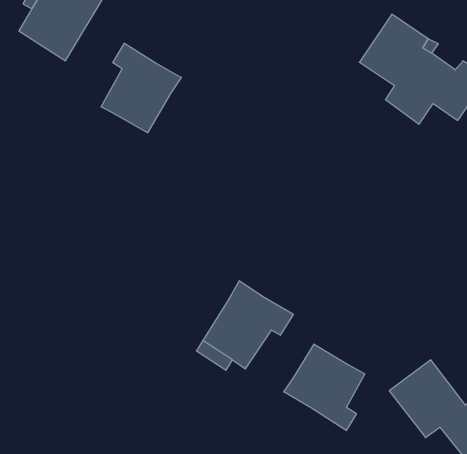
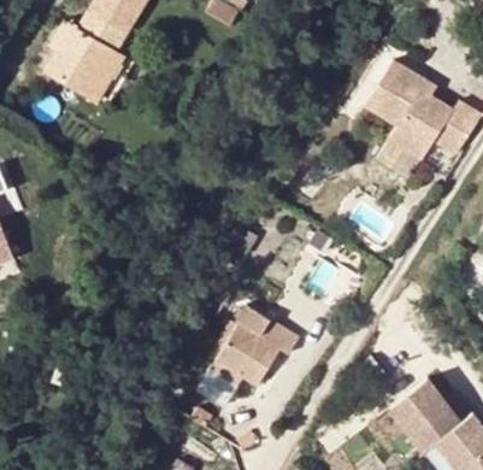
building: [101,43,181,133] -> none
building: [284,344,365,431] -> none

